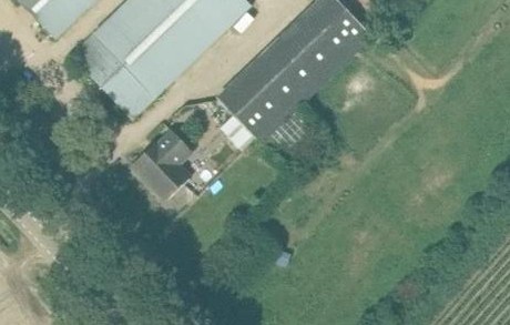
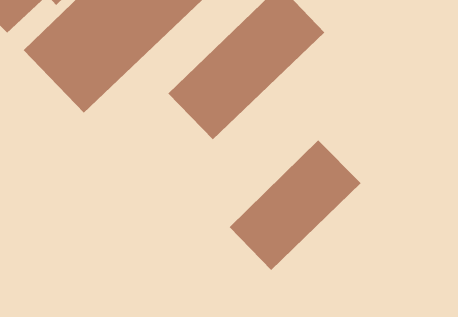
building: [132,128,192,200] -> none
building: none -> [229,139,362,271]

